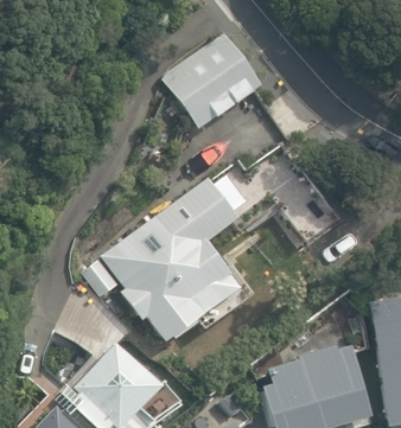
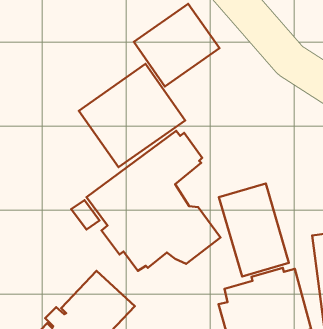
building: none -> [79,64,185,167]
building: none -> [219,184,289,277]

